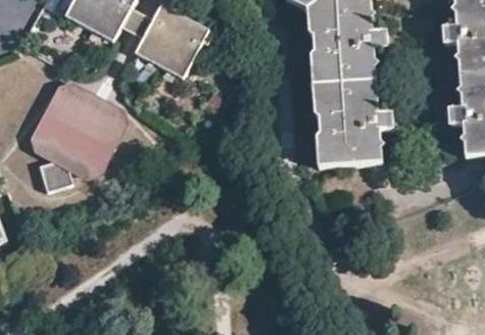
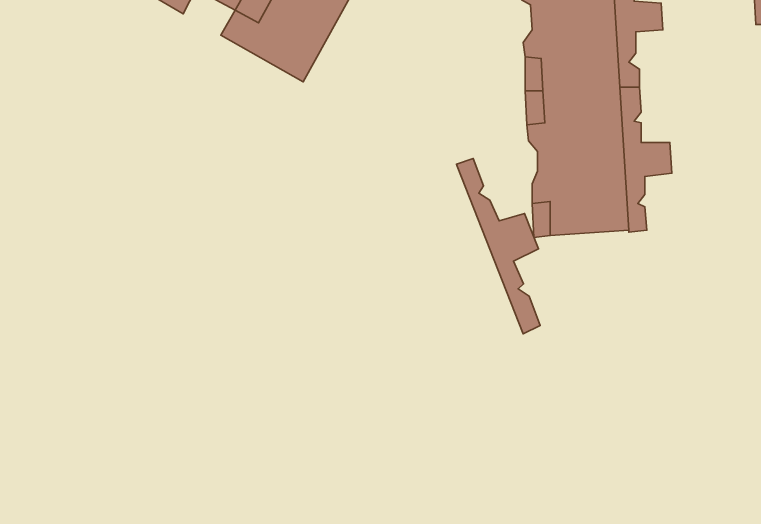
building: [33,83,127,195] -> none
building: none -> [456,158,540,334]

